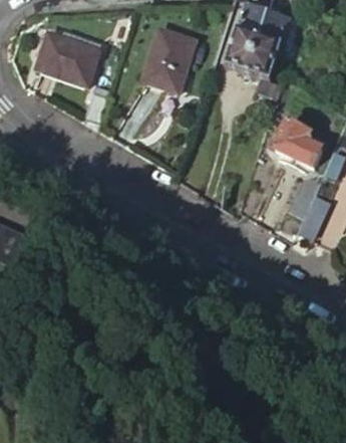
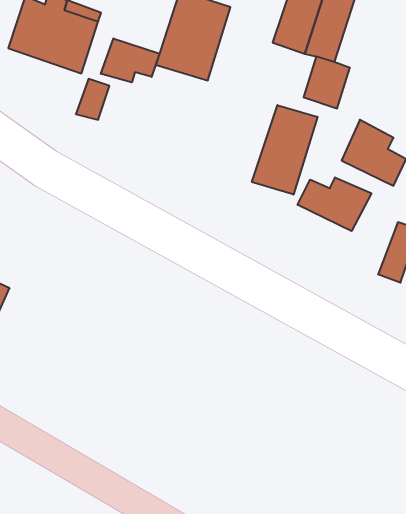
building: none -> [101,38,160,82]
building: none -> [252,105,318,195]
building: none -> [298,177,371,231]

